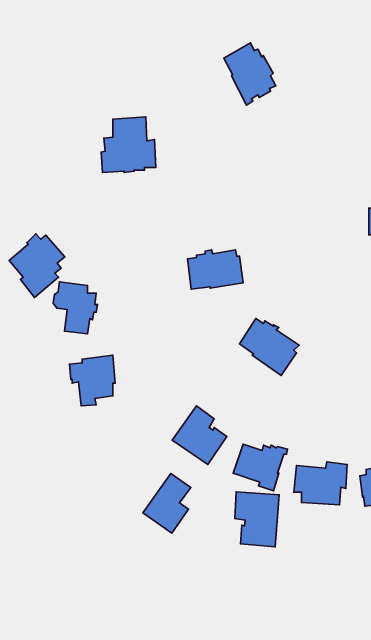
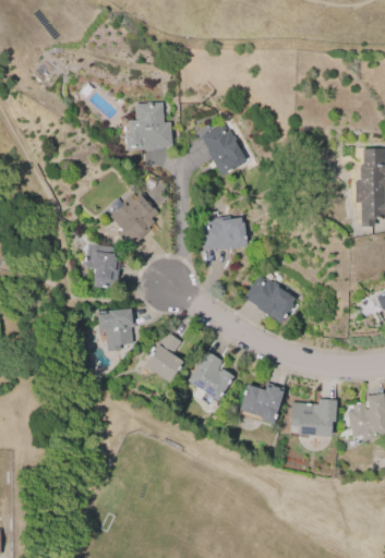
building: [224,43,276,105] -> [202,122,246,175]
building: [9,234,65,297] -> [110,192,158,246]
building: [143,474,191,533] -> [143,330,184,381]
building: [235,492,279,547] -> none

